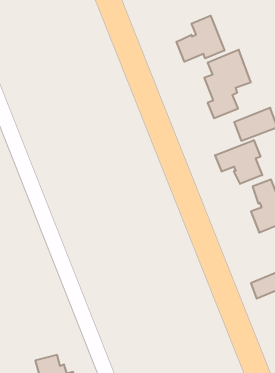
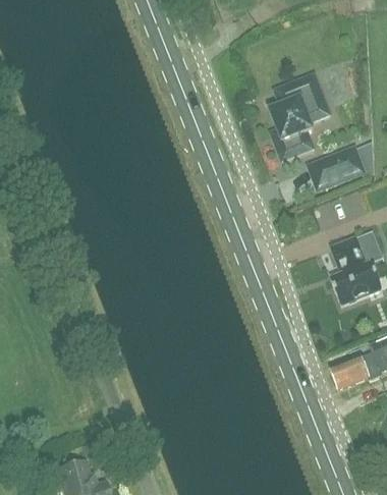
building: [176,16,224,62] -> none
building: [215,140,262,184] -> none

